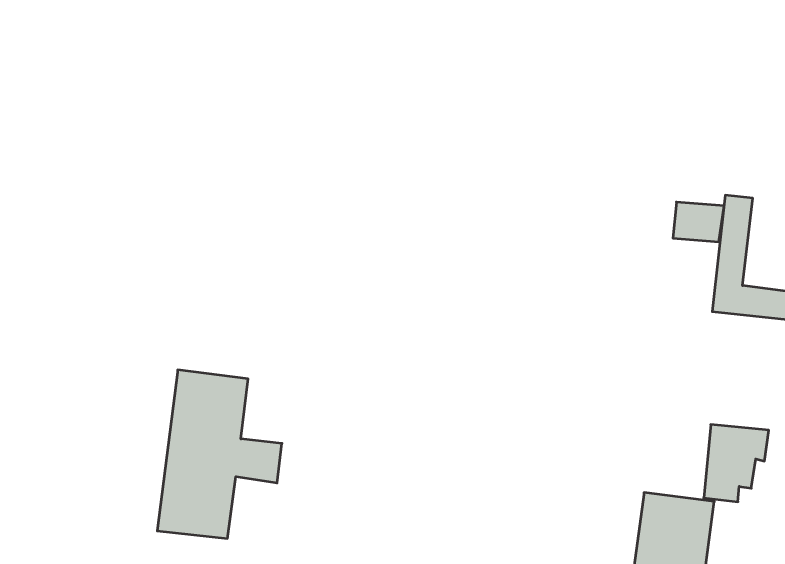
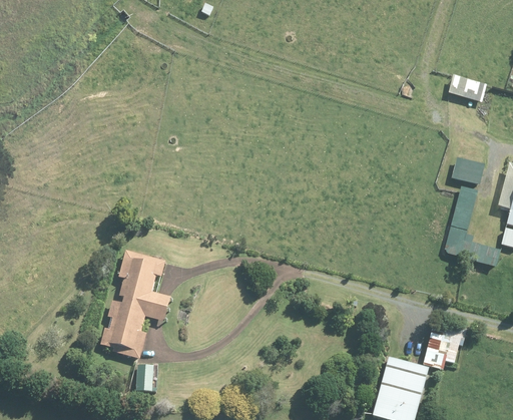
building: none -> [448,74,487,102]
building: [673,202,724,242] -> [452,157,485,184]

